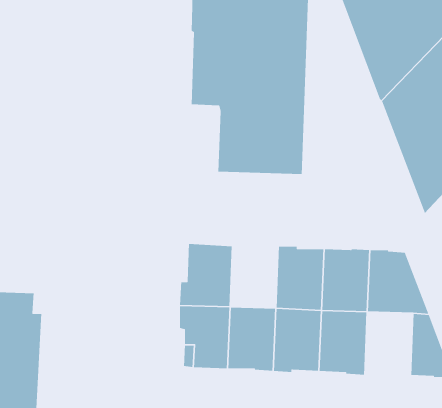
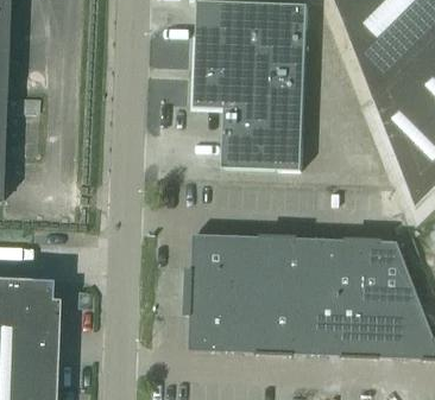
building: none -> [233,235,278,294]
building: none -> [359,298,404,357]

